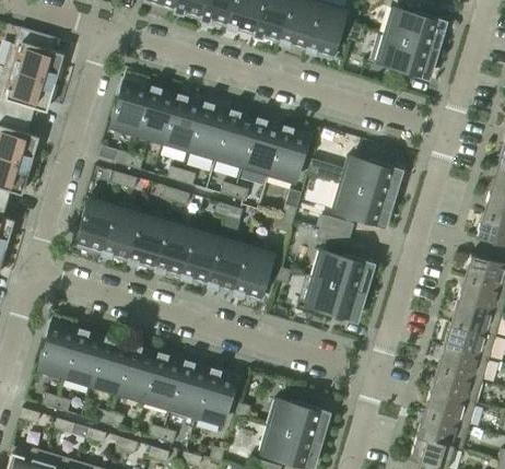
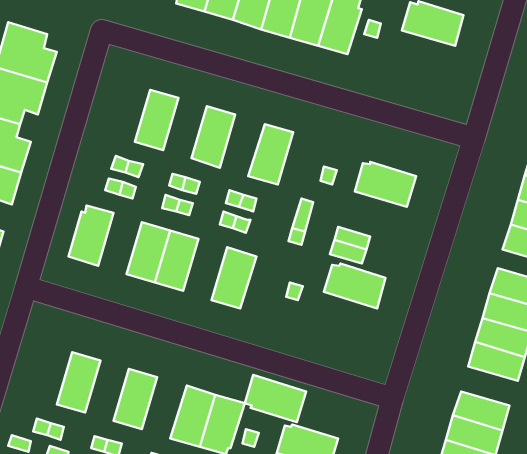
building: [376,34,433,77] -> none
building: [111,80,151,137] -> none
building: [163,96,203,152] -> none
building: [215,112,257,168] -> none
building: [269,128,310,184] -> none
building: [332,183,388,225] -> none
building: [103,202,143,259] -> none
building: [181,226,222,283] -> none
building: [234,243,274,298] -> none
building: [304,275,361,319] -> [245,375,306,422]
building: [39,323,79,379] -> none
building: [91,339,131,395] -> none
building: [438,344,491,380] -> none
building: [143,354,185,411] -> none

